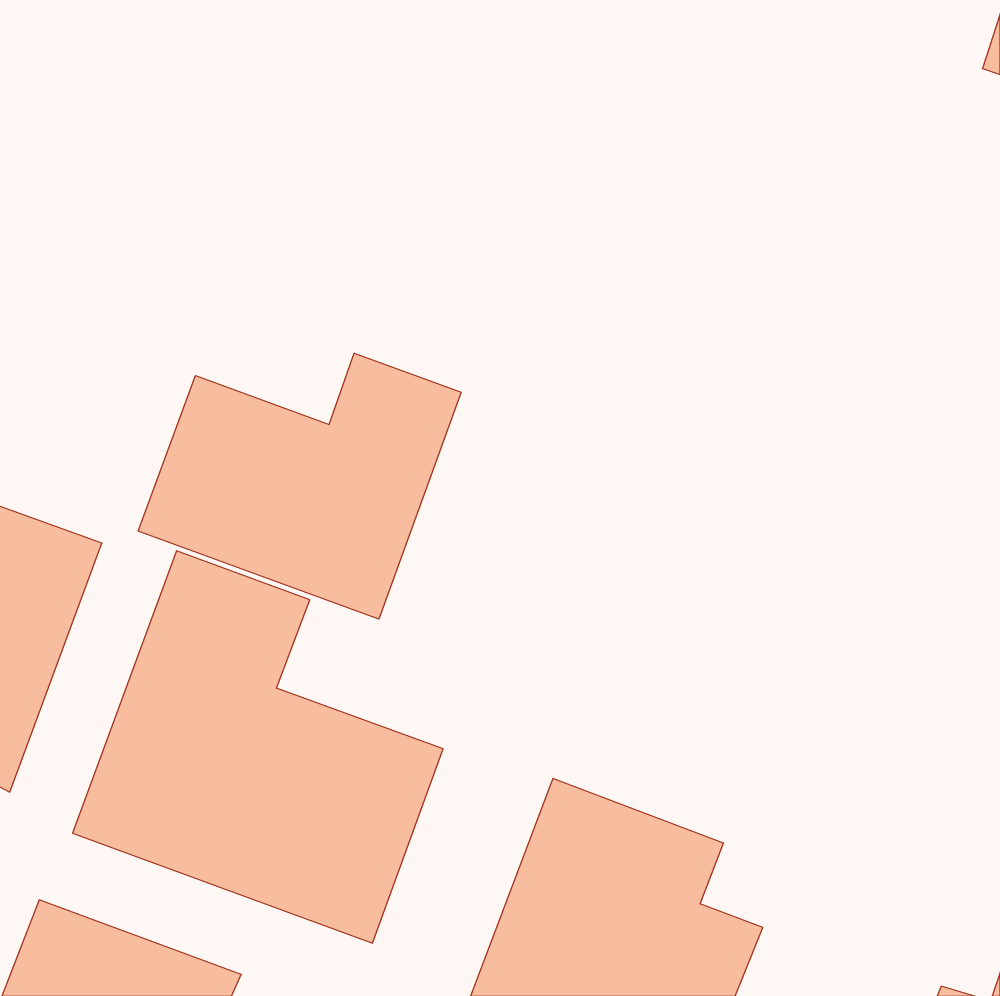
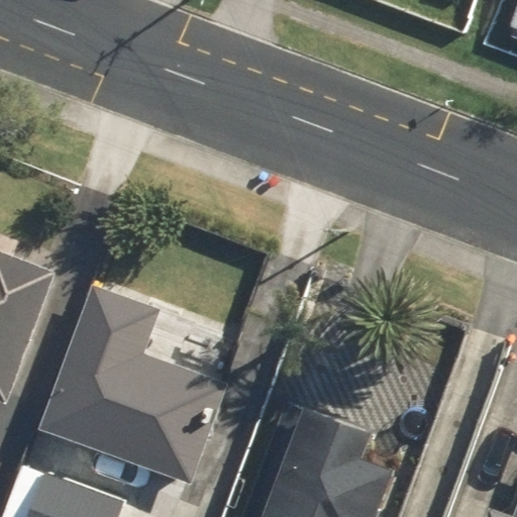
building: [138,353,461,619] -> none

